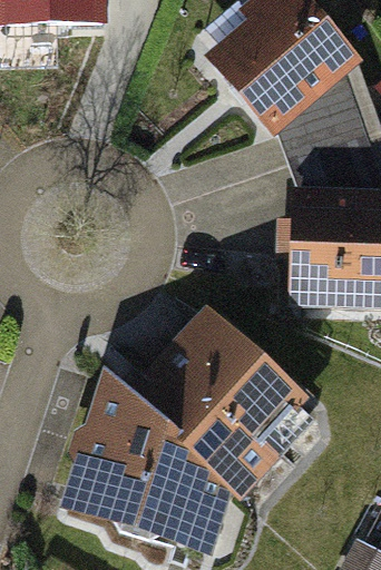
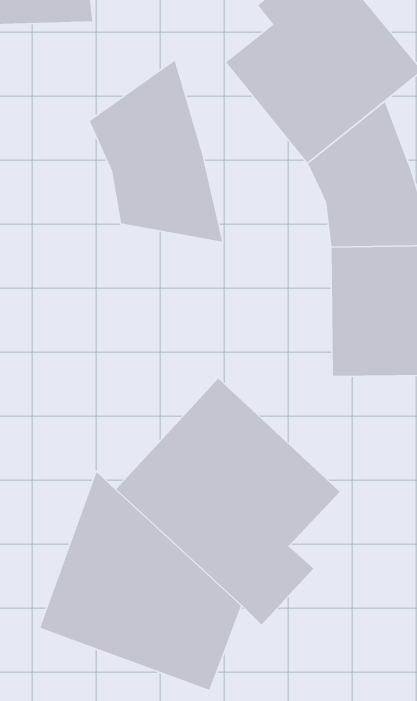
building: none -> [89,59,223,242]

